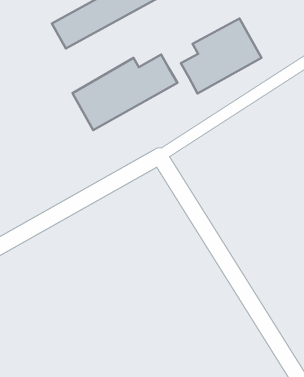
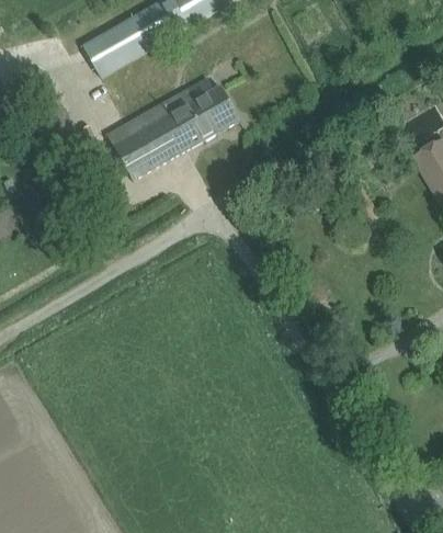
building: [181,19,261,94] -> none

